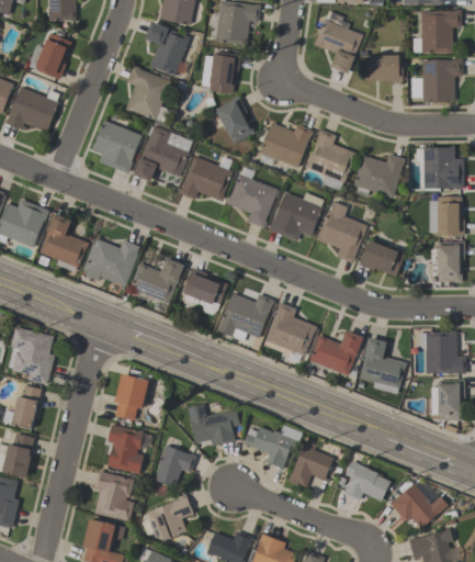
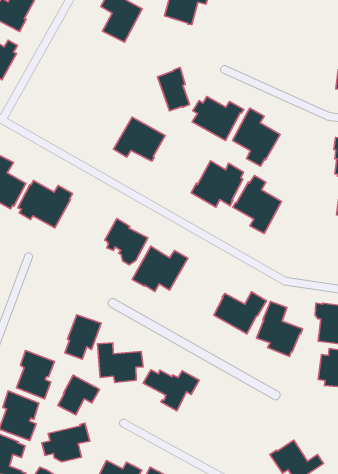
building: [313,20,362,76] -> none
building: [200,52,239,93] -> none
building: [363,55,403,82] -> none
building: [125,65,170,123] -> none
building: [91,121,142,173] -> none
building: [133,125,192,182] -> none
building: [353,155,405,198] -> none
building: [225,175,276,228] -> none
building: [358,240,404,278] -> none
building: [129,259,184,303] -> none
building: [265,301,317,355] -> none
building: [114,372,149,419] -> [65,315,101,359]
building: [287,439,333,488] -> none
building: [343,460,391,499] -> none

